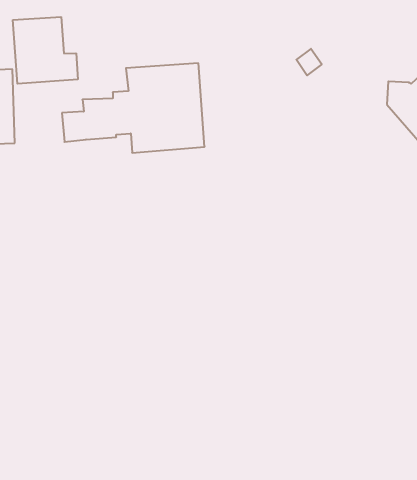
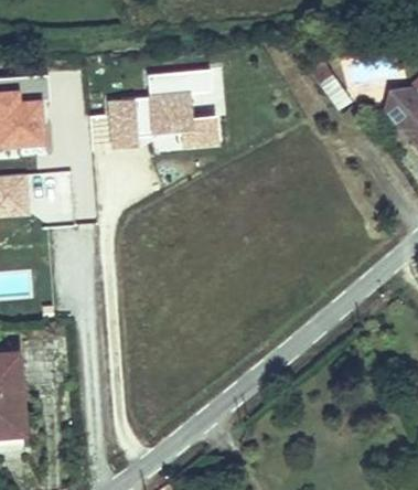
building: [13,17,78,84] -> none

